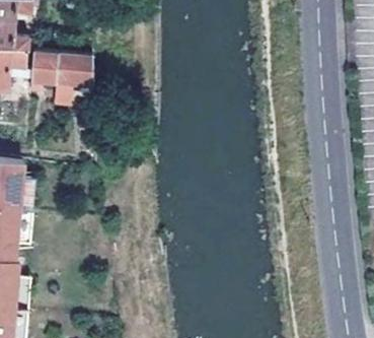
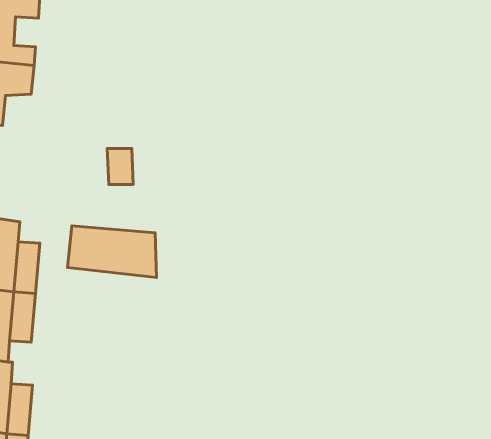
building: [31,52,94,88] -> [67,226,157,277]

